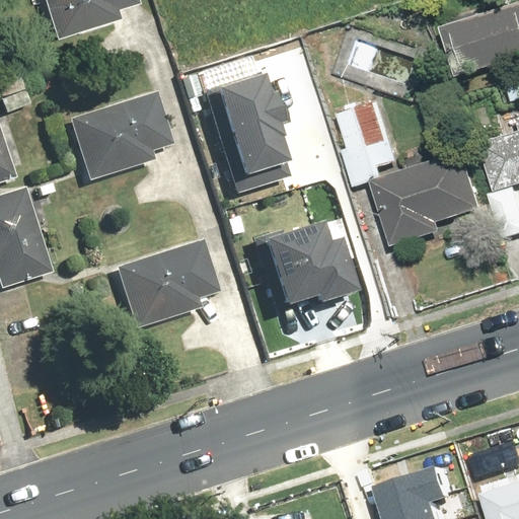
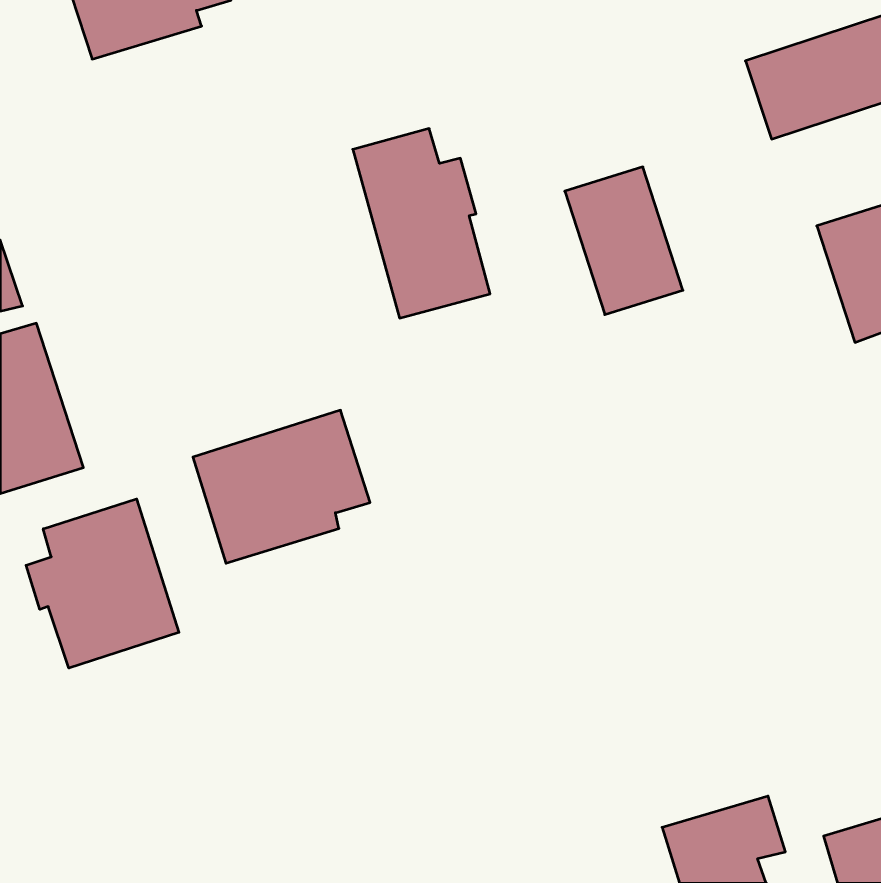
building: [70,92,173,180] -> none
building: [375,156,488,241] -> none
building: [255,216,354,301] -> none
building: none -> [26,499,179,668]

